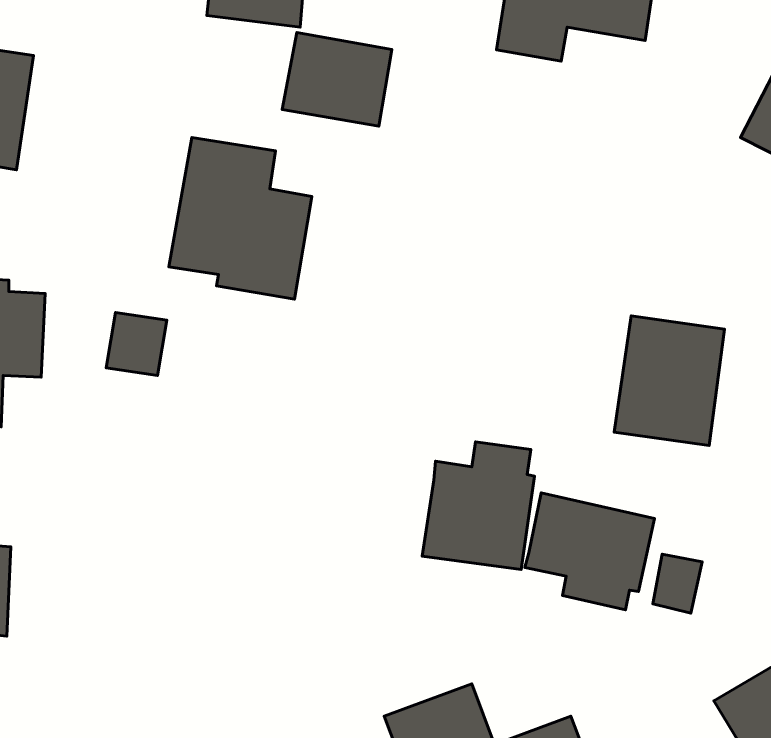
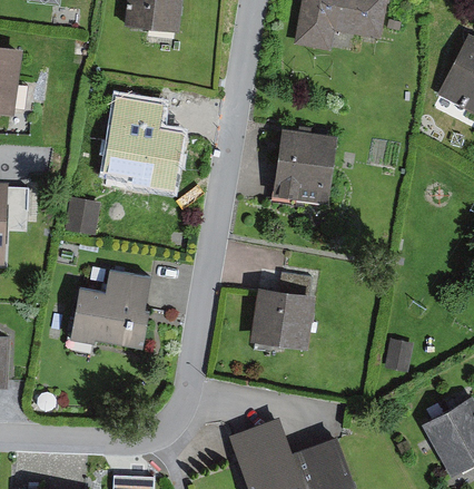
building: [282,33,392,126] -> none
building: [614,316,725,445] -> [271,129,336,205]
building: none -> [70,270,150,348]
building: [525,493,654,610] -> none

